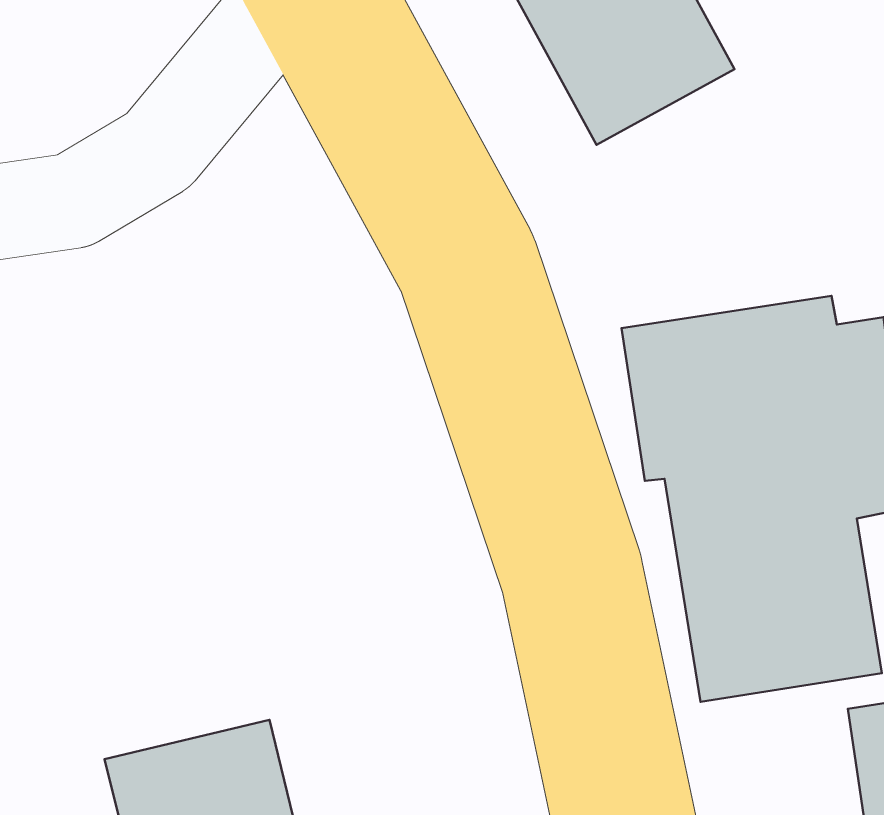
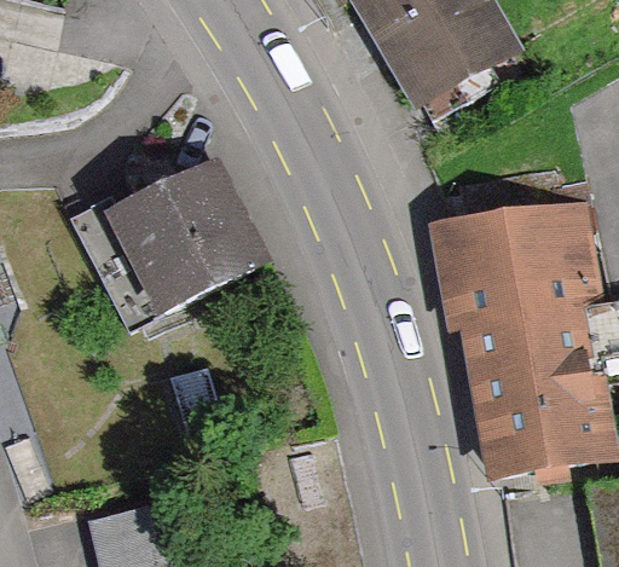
building: none -> [105,175,254,320]

